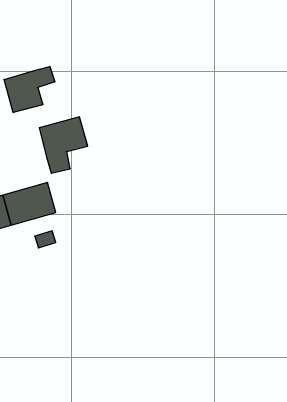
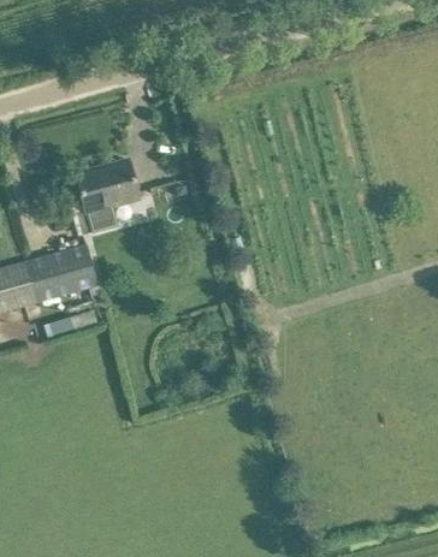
building: [4,66,55,113] -> none

